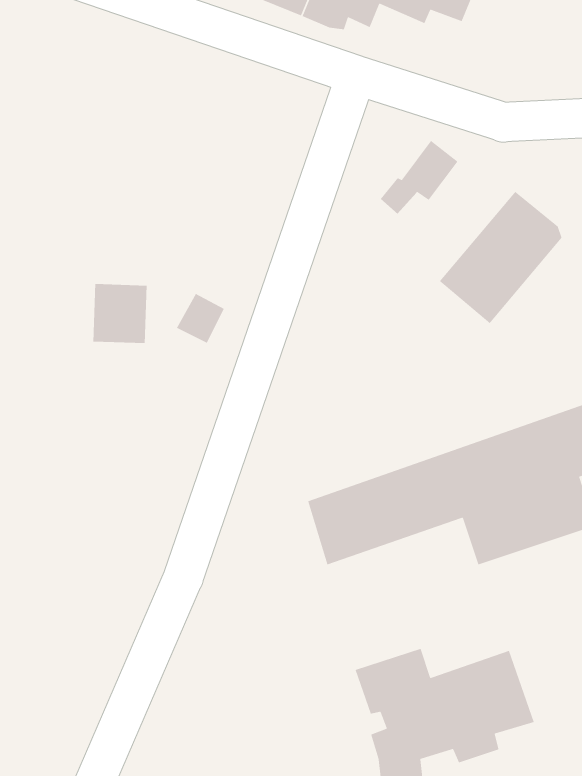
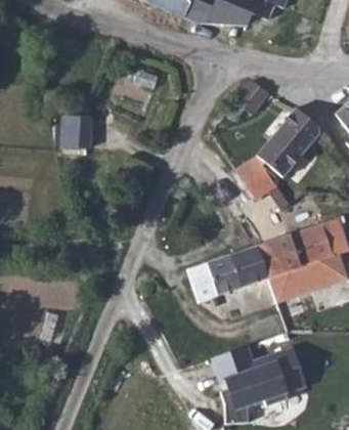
building: none -> [236,155,282,200]
building: [92,283,147,344] -> [62,116,91,147]

